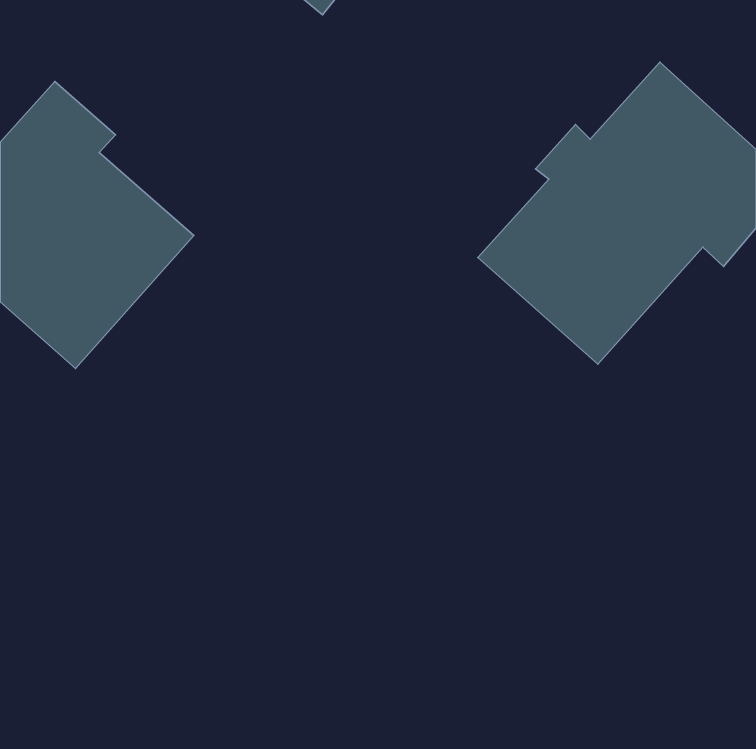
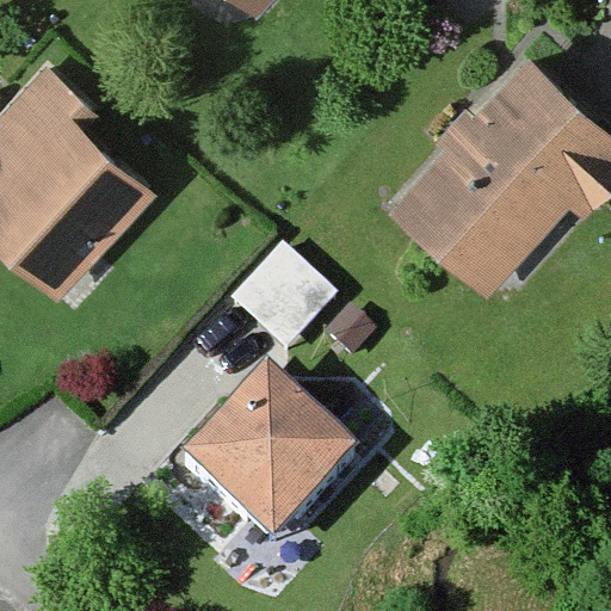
building: none -> [233,257,329,353]
building: none -> [189,384,358,554]

